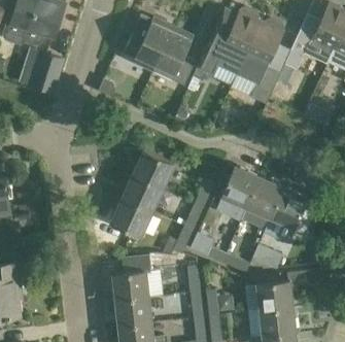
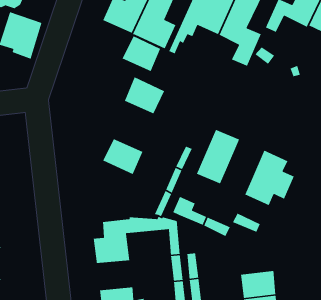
building: none -> [122,35,161,72]
building: [133,149,174,187] -> [124,76,165,114]
building: [246,175,283,216] -> none
building: [110,197,152,235] -> none
building: [256,280,294,310] -> none
building: [115,297,152,326] -> none

